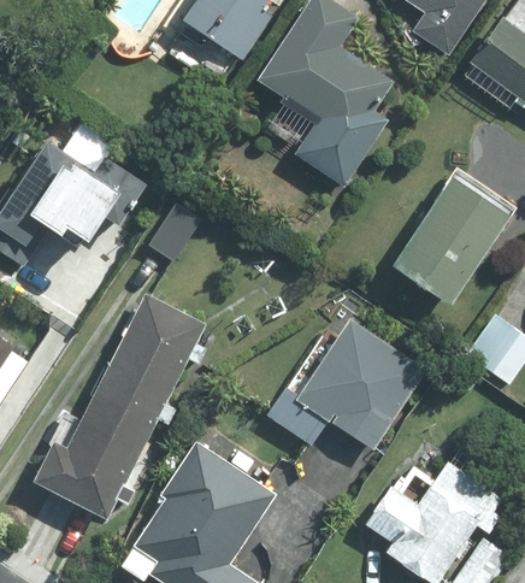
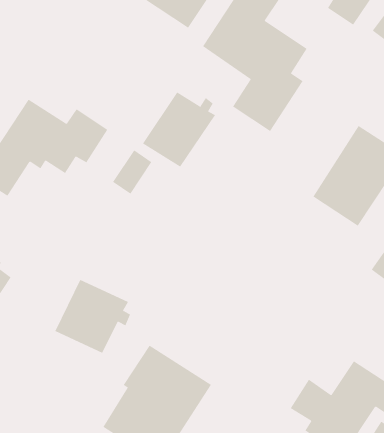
building: none -> [142,92,216,168]
building: [110,295,205,393] -> none
building: [267,320,424,446] -> none
building: [35,429,137,519] -> none

